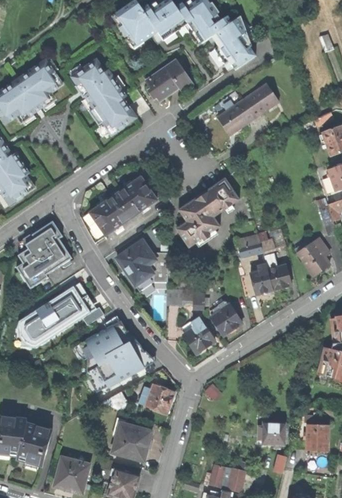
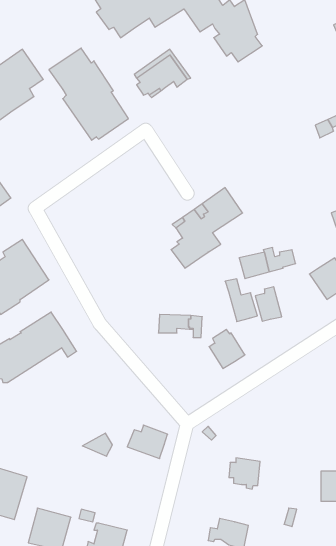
building: [217,83,278,135] -> none
building: [89,176,157,235] -> none
building: [116,239,154,290] -> none
building: [263,253,291,290] -> [225,279,257,322]
building: [181,315,214,353] -> none
building: [78,320,148,389] -> none
building: [259,419,286,446] -> [229,458,260,489]
building: [112,422,151,461] -> none

